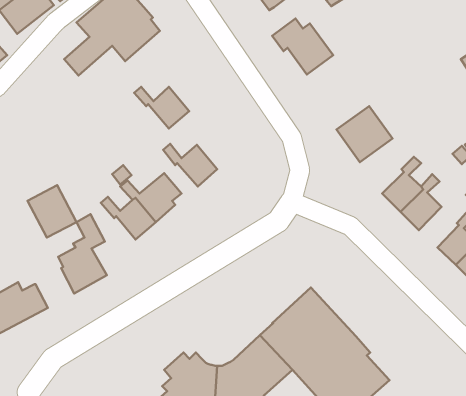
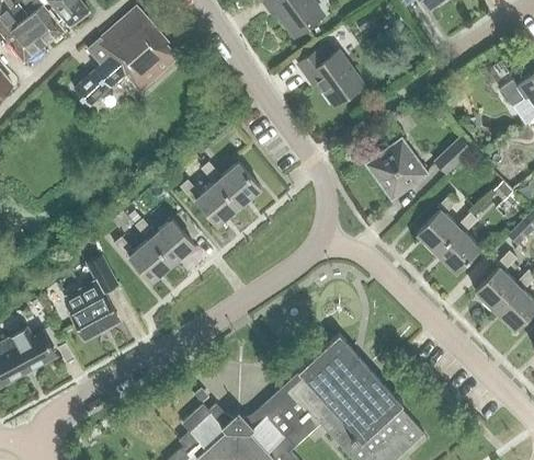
building: [134,87,189,129] -> [202,162,261,207]
building: none -> [434,137,473,174]
building: [28,185,76,238] -> none

